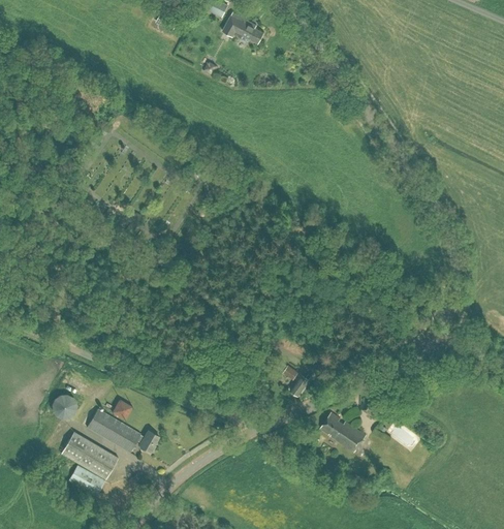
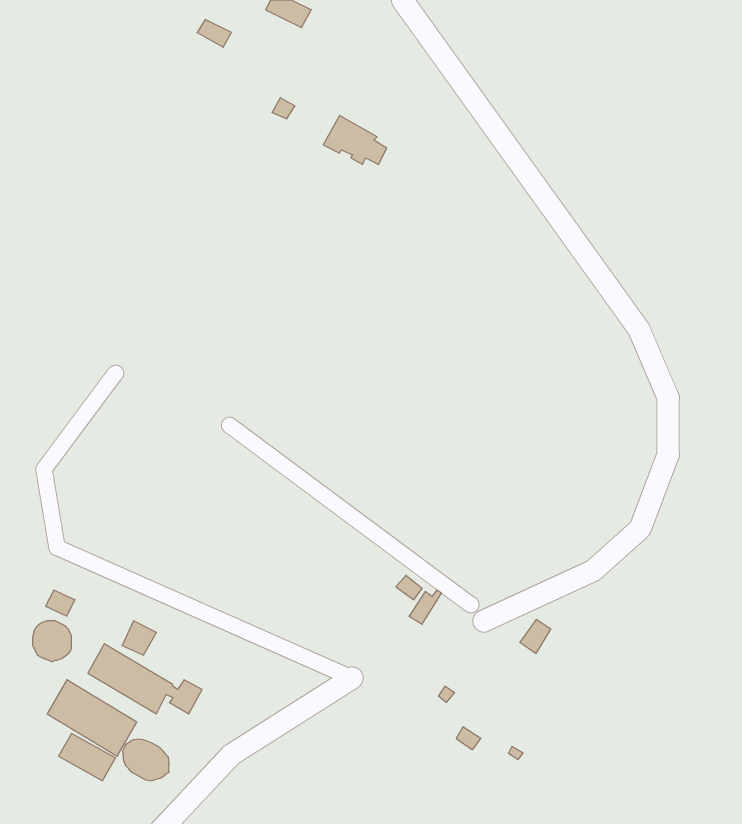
building: [223,13,263,44] -> [323,116,387,164]
building: [319,412,366,453] -> none
building: none -> [123,739,169,781]

